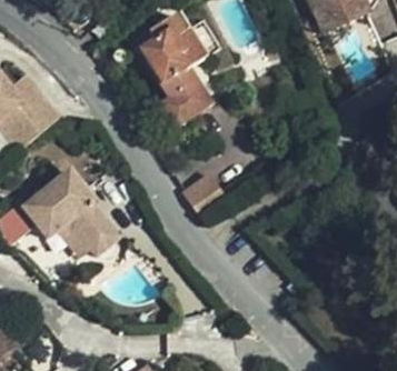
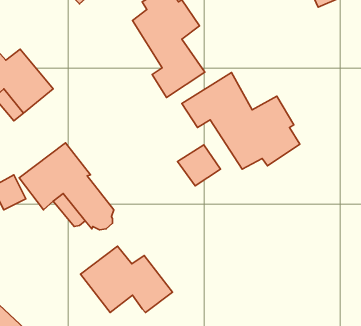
building: none -> [182,73,300,169]
building: none -> [81,246,173,312]

